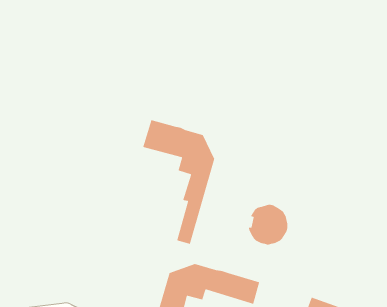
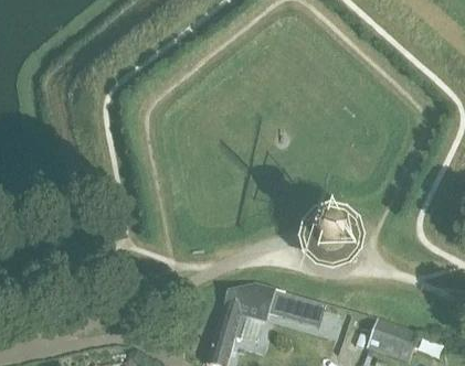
building: [142,119,215,245] -> none

